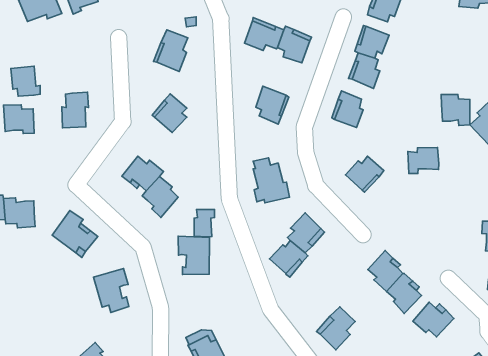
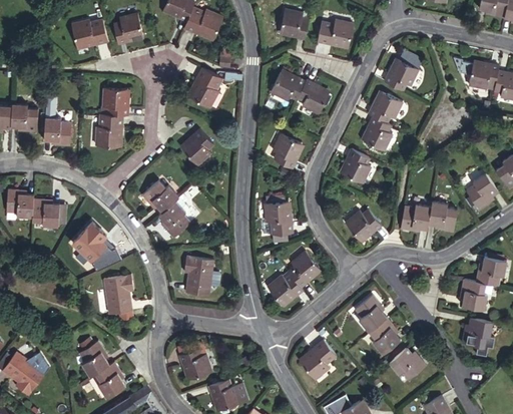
building: [11,66,40,96] -> [105,87,130,114]
building: [441,94,470,125] -> [430,199,457,231]
building: [194,209,214,237] -> none

